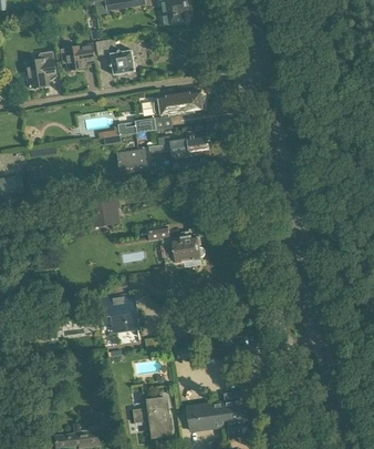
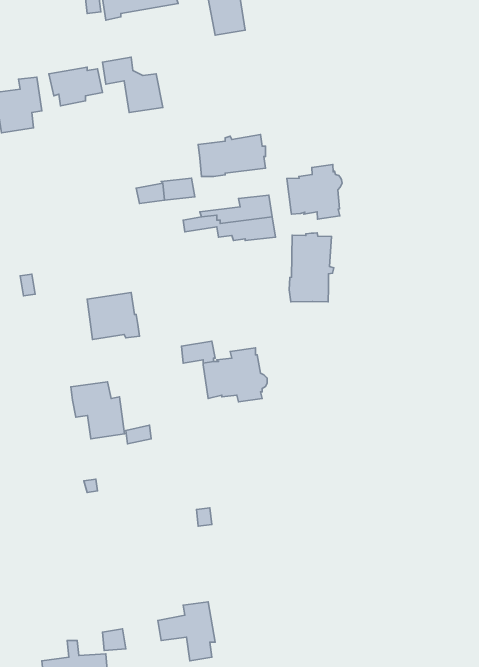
building: none -> [287,165,342,219]
building: [117,149,147,173] -> none
building: none -> [289,233,334,302]
building: [102,293,137,330] -> [71,382,124,439]
building: [187,390,254,432] -> none

